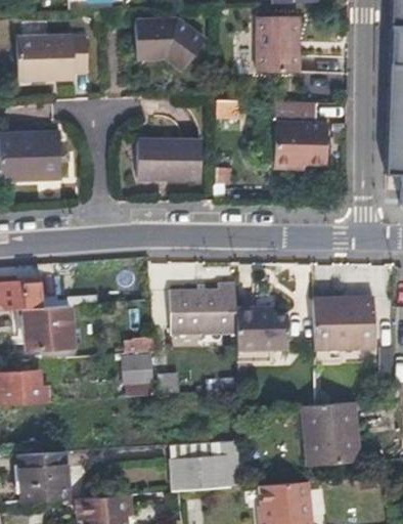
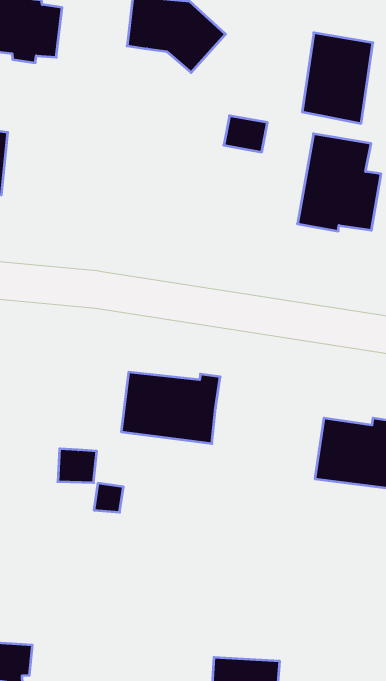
building: [136,138,203,179] -> none
building: [236,307,289,350] -> none
building: [303,400,358,465] -> none
building: [171,438,240,491] -> none

